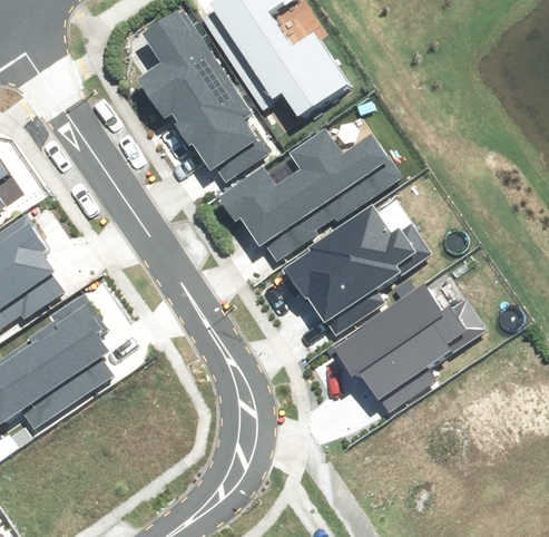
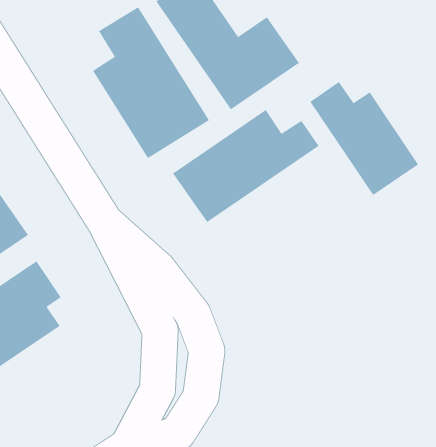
building: none -> [309,81,419,196]
building: [275,205,425,329] -> none
building: [330,268,478,416] -> none

